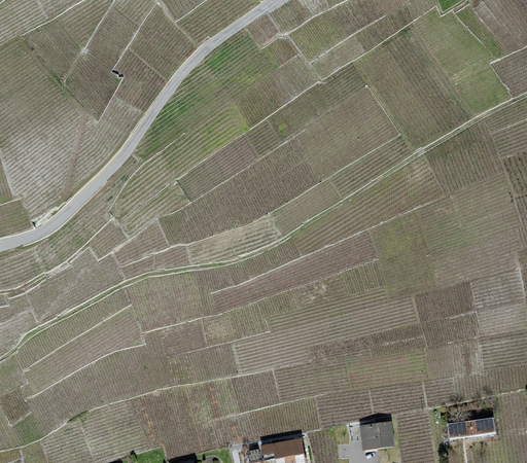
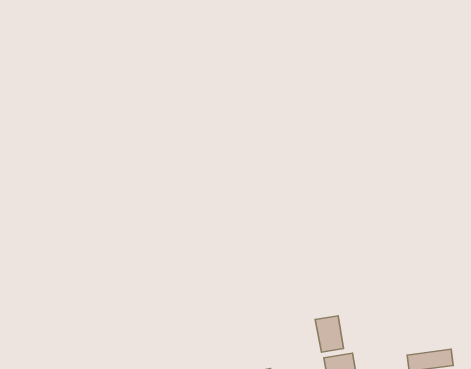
building: none -> [315,316,344,352]

